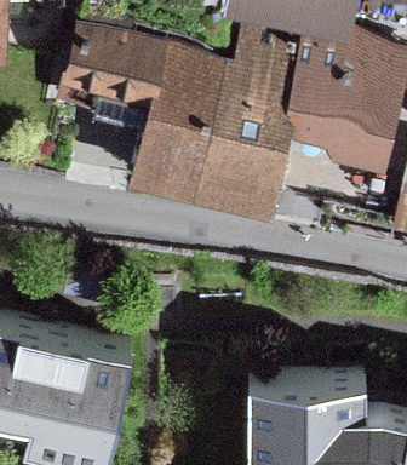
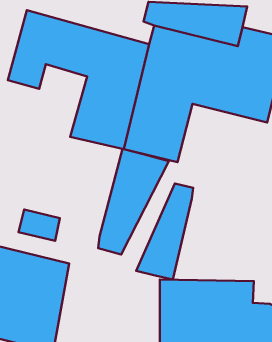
building: none -> [98,149,169,254]
building: none -> [136,183,193,280]

